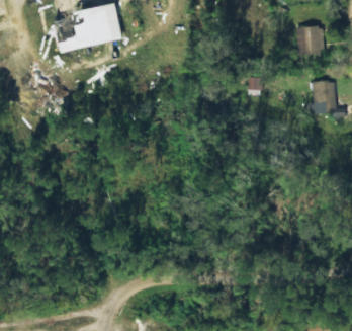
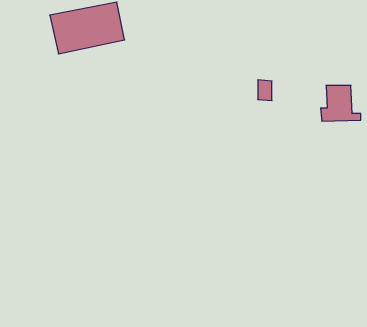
building: [297,25,323,54] -> none

